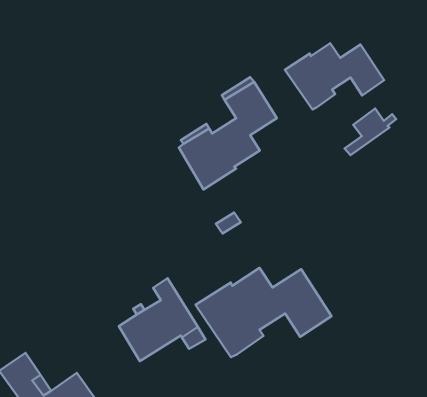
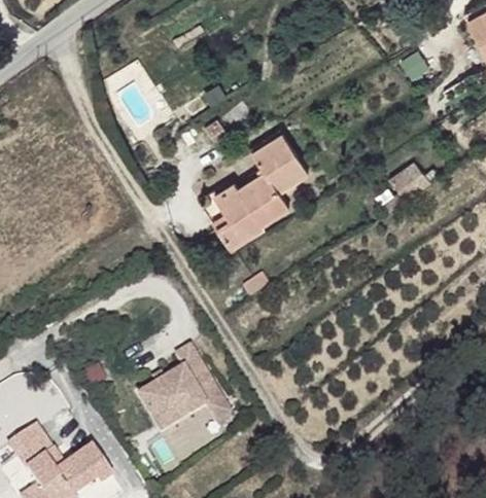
building: [285,43,384,110] -> none
building: [195,268,331,357] -> none

